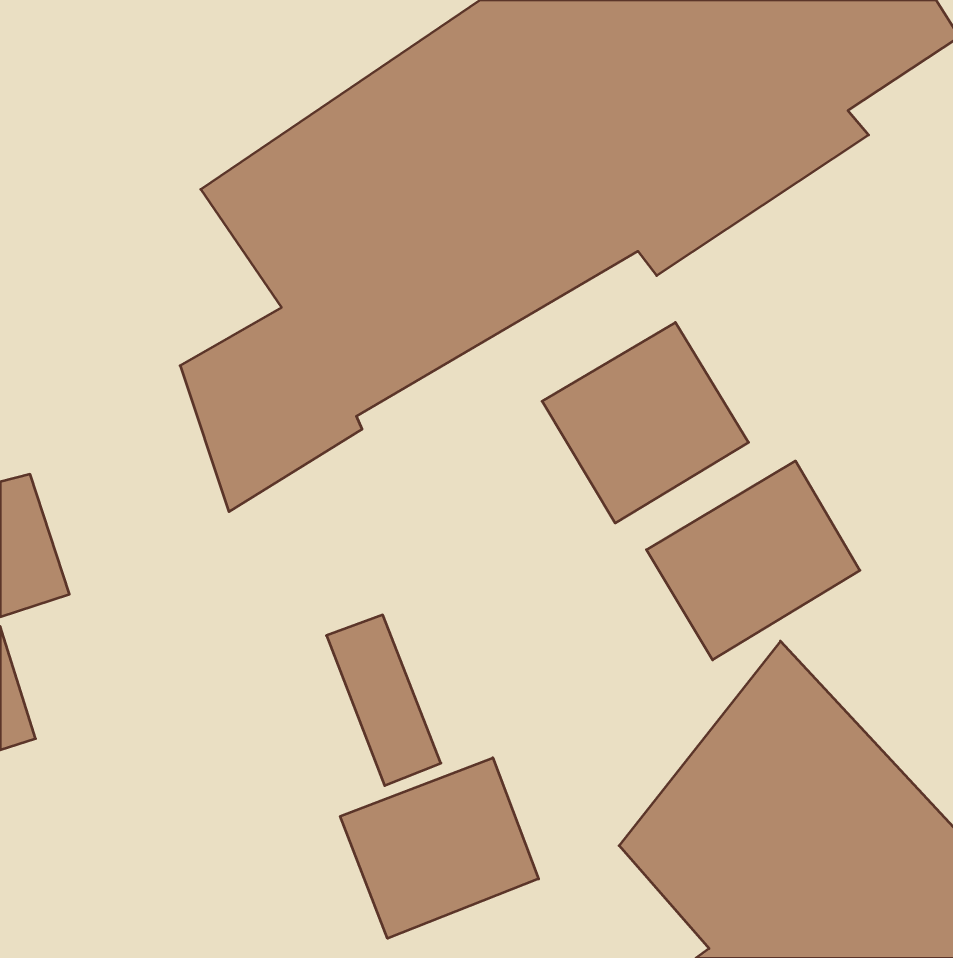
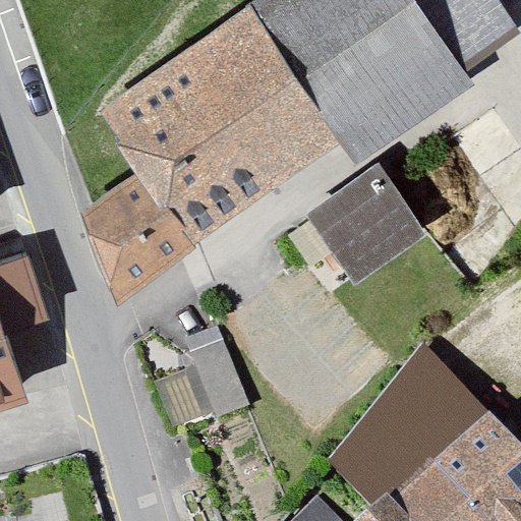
building: [646,461,860,660] -> none
building: [340,758,539,938] -> none

